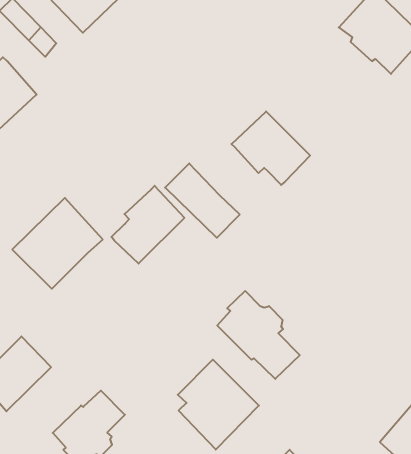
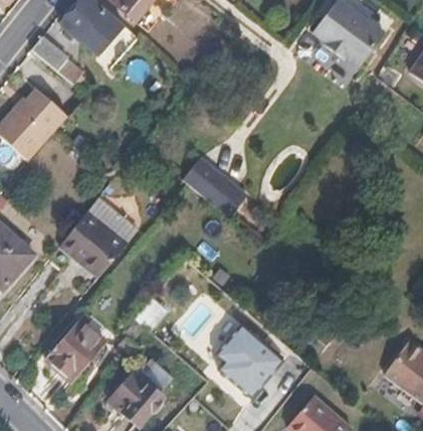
building: [231,111,310,185] -> none
building: [111,186,184,264] -> none
building: [217,291,300,379] -> none

